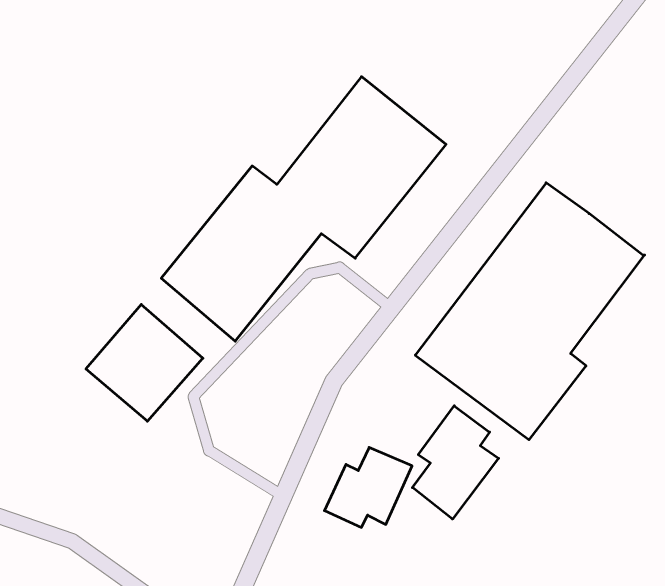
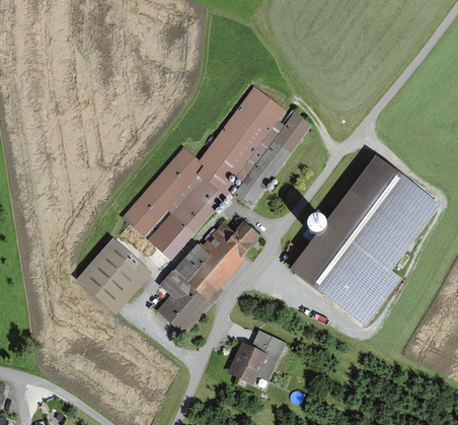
building: none -> [157,221,254,331]
building: [412,406,499,519] -> none

